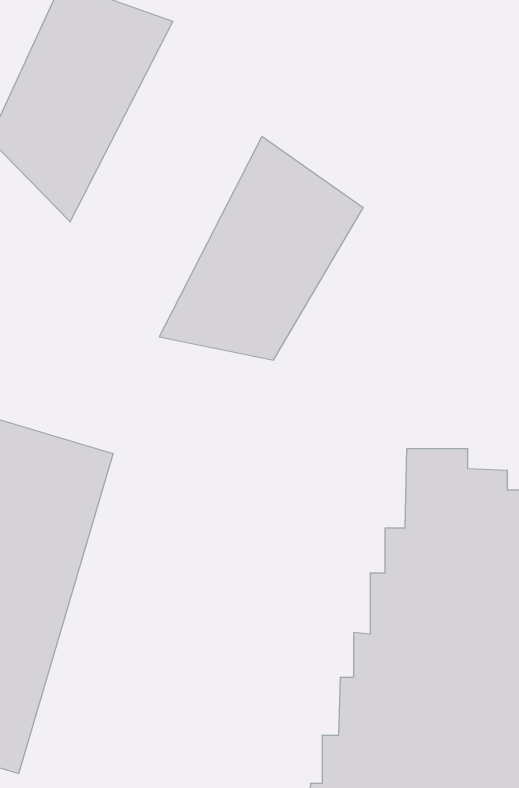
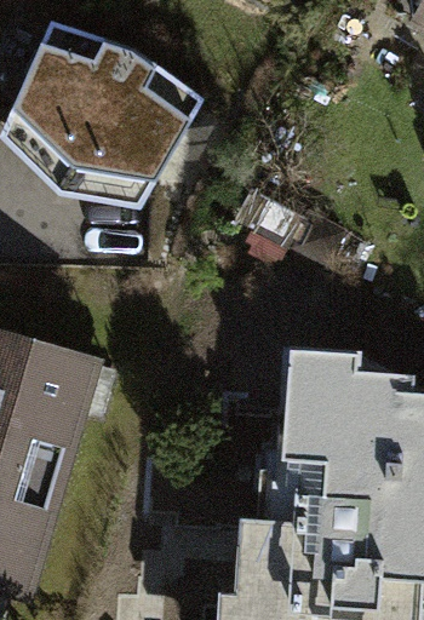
building: [159,136,363,360] -> [58,46,207,209]

